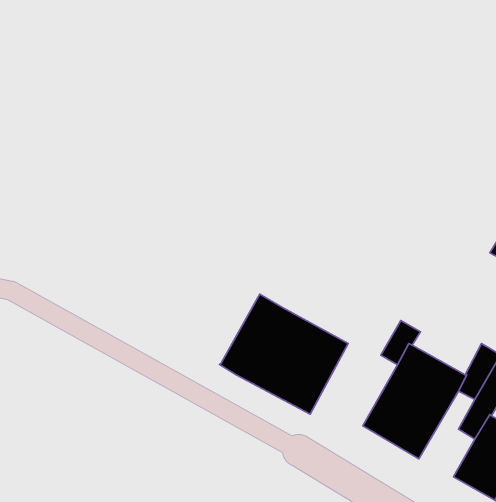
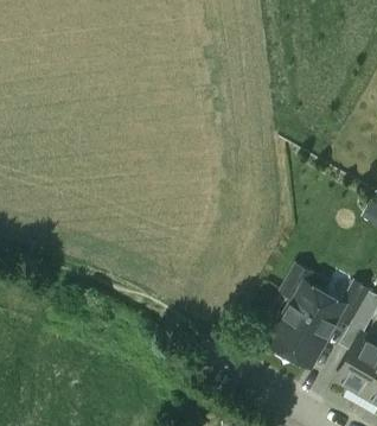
building: [219,294,348,414] -> none

